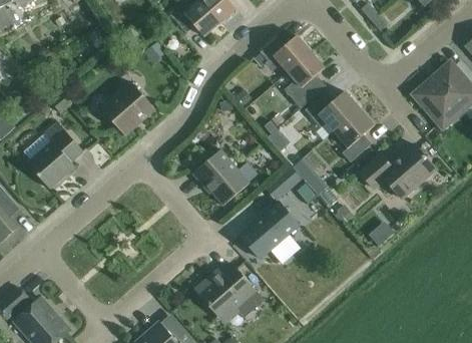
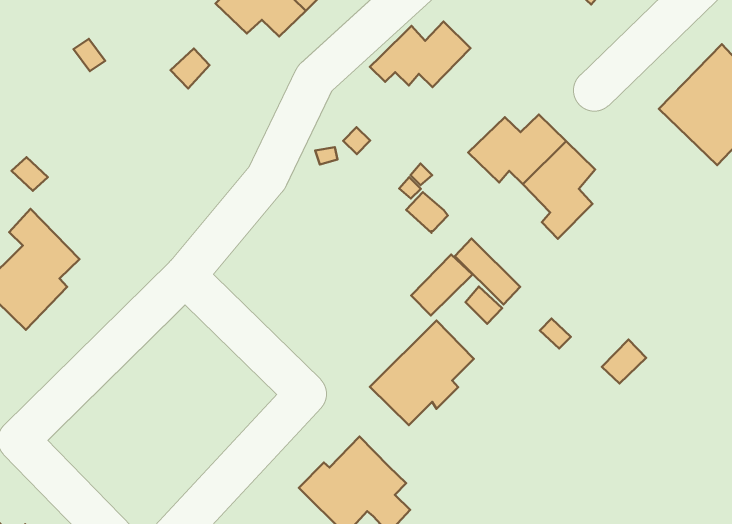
building: [285,51,326,108] -> none
building: [101,82,154,134] -> none
building: [360,144,435,198] -> none
building: [192,149,257,206] -> none

